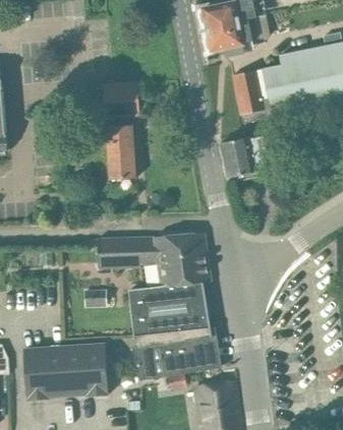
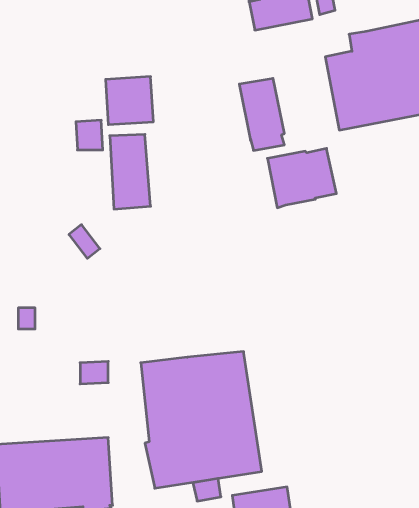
building: [233,70,266,122] -> [239,78,284,150]
building: [98,232,212,286] -> none

